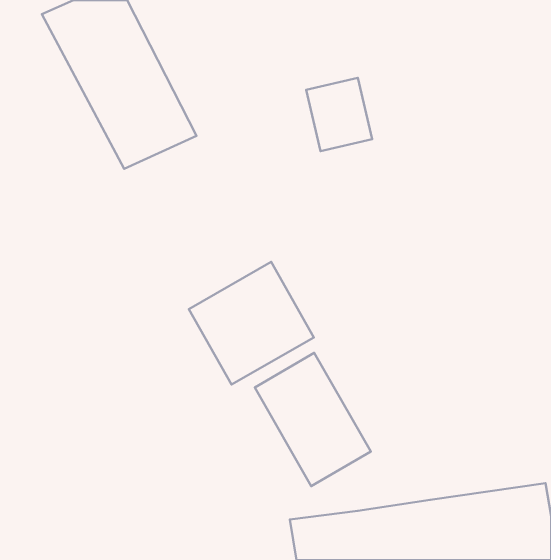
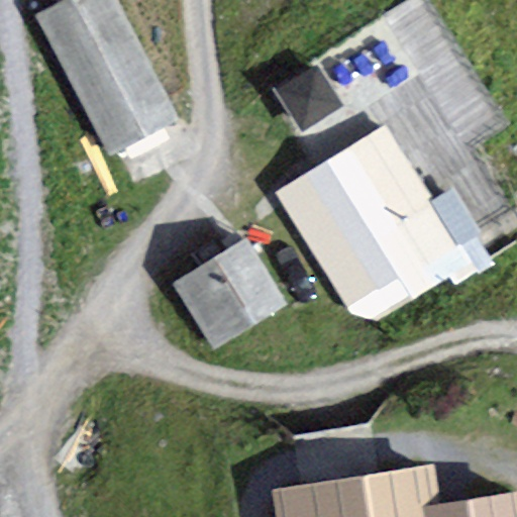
building: none -> [270,132,456,302]
building: [255,353,371,486] -> none

